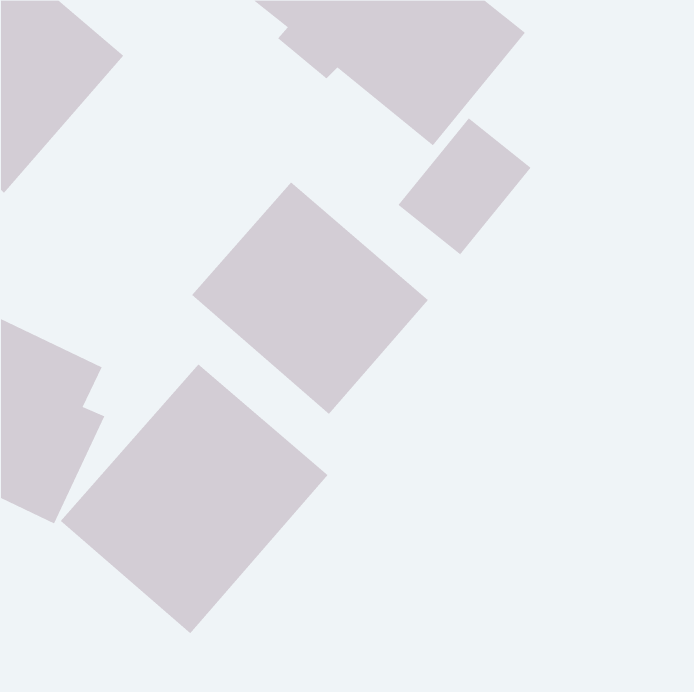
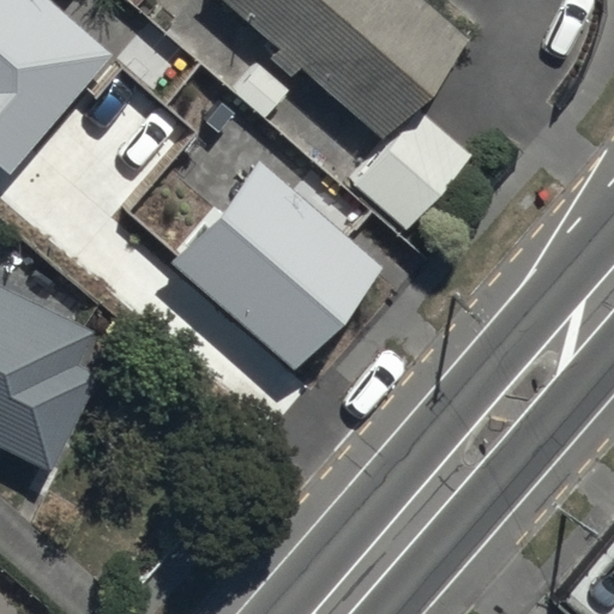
building: [60,363,328,634] -> none

